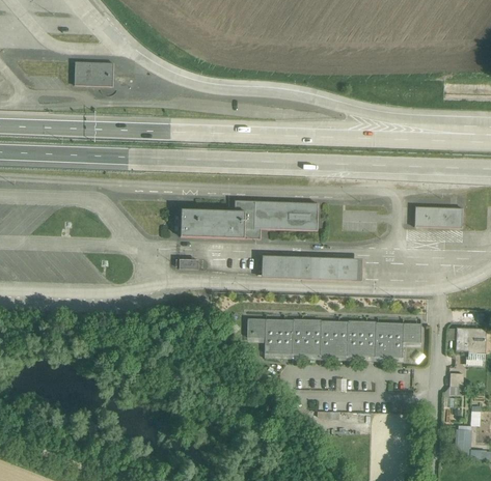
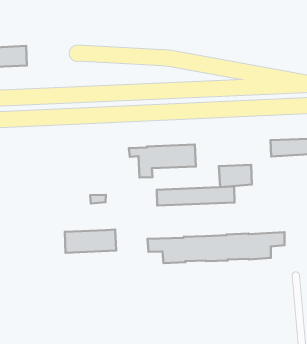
building: [180,211,245,240] -> [65,229,116,253]
building: none -> [219,165,252,187]

